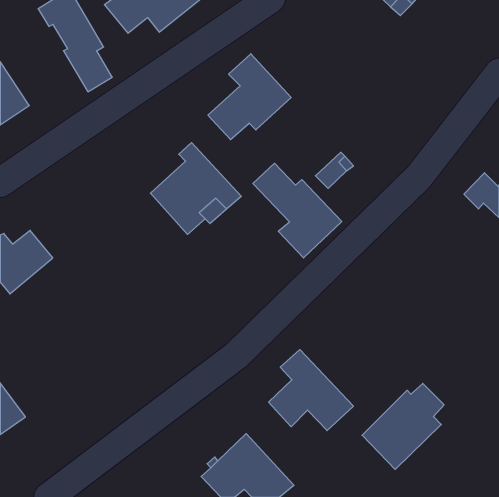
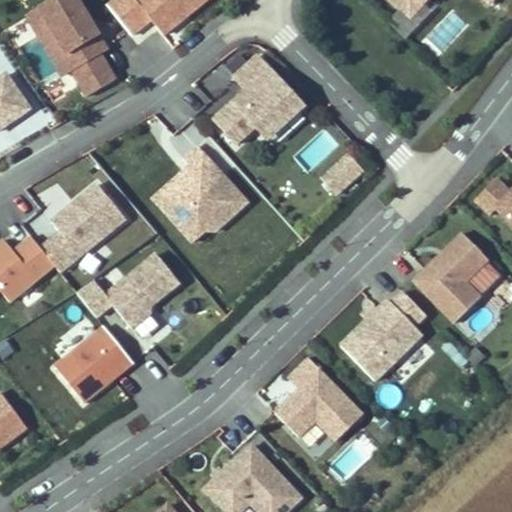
building: [253,163,342,258] -> none
building: none -> [41,183,125,271]
building: none -> [414,232,488,322]
building: none -> [77,253,179,327]
building: none -> [55,326,133,401]
building: [362,383,444,469] -> [341,291,425,379]

